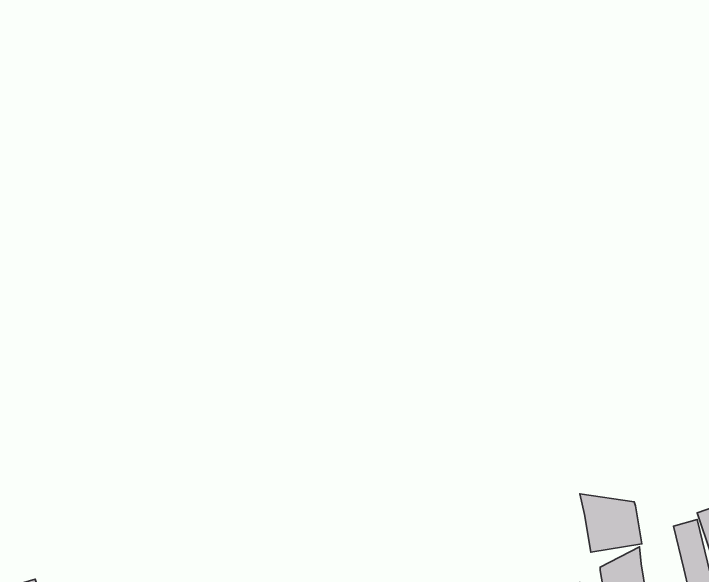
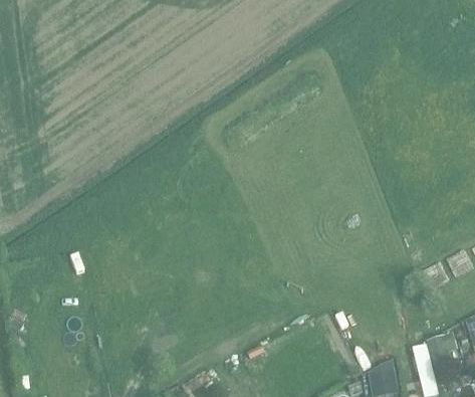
building: [580,494,642,552] -> none

